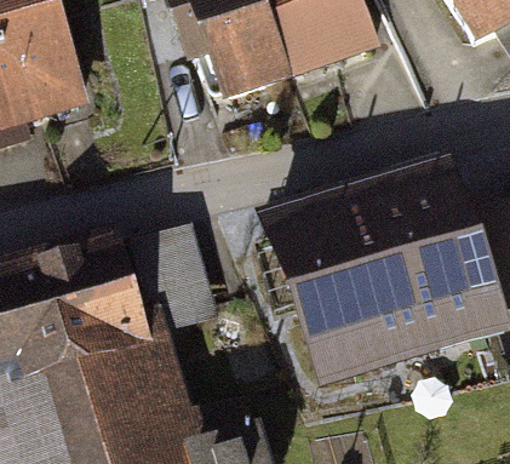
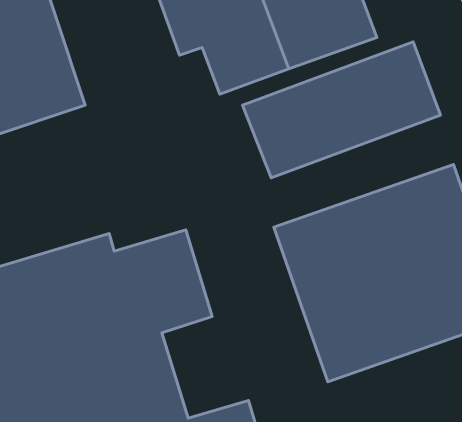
building: none -> [243,42,441,178]

